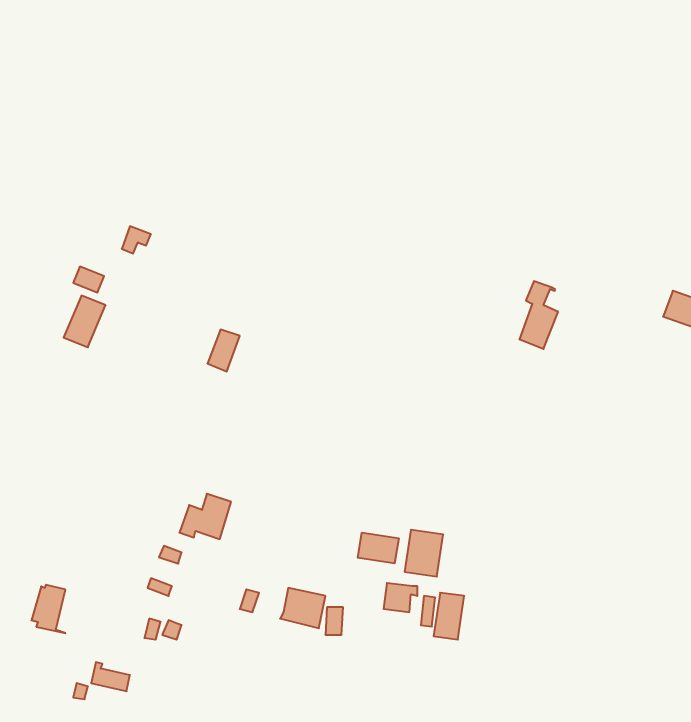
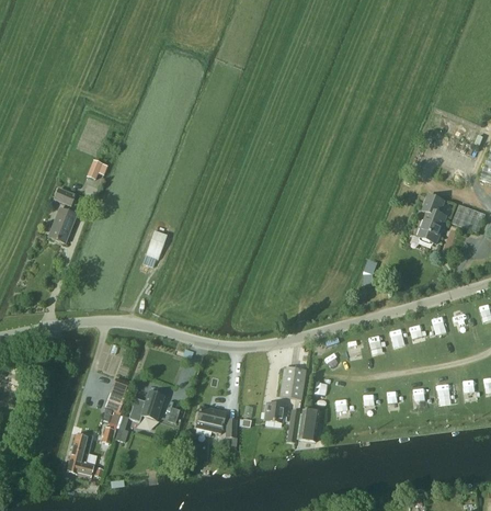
building: [519,281,558,349] -> [420,195,446,241]
building: [179,494,231,539] -> [129,390,164,421]
building: [358,533,399,563] -> none
building: [31,585,65,633] -> [70,432,93,465]

